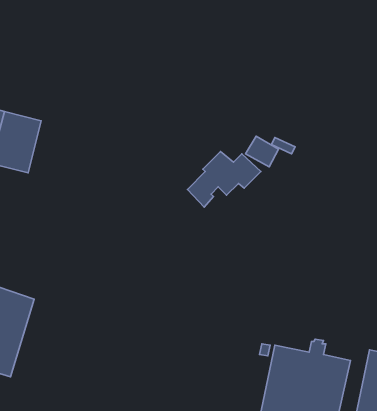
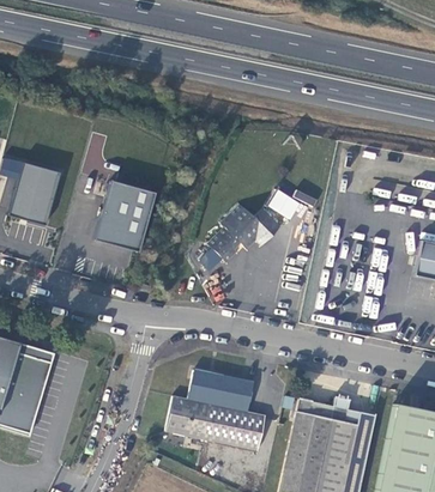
building: none -> [90,177,151,249]
building: none -> [167,369,264,449]

